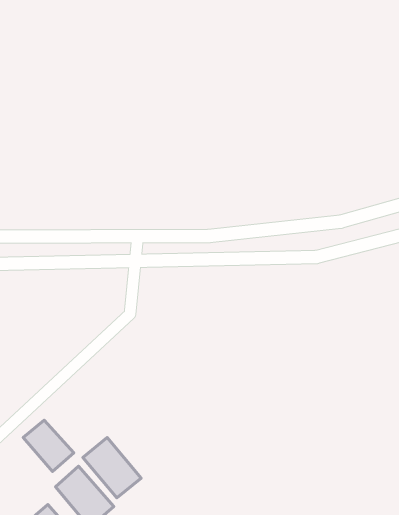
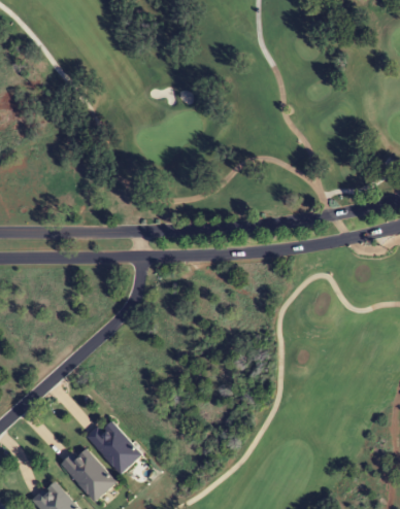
building: [23,420,74,471] -> none

